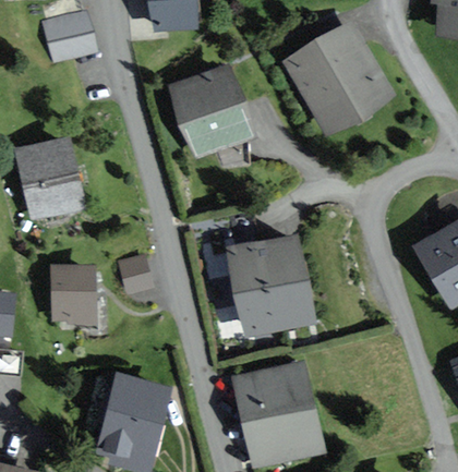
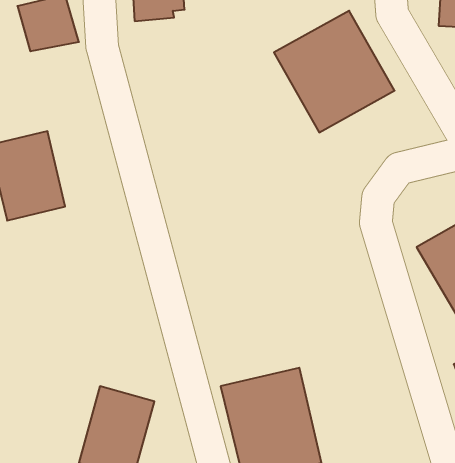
building: [167,65,255,160] -> none
building: [228,233,316,336] -> none
building: [118,253,155,292] -> none
building: [51,265,98,320] -> none

